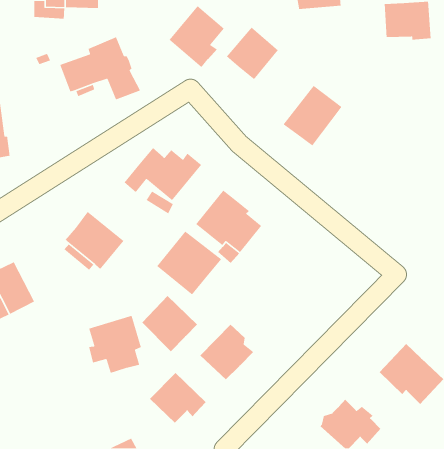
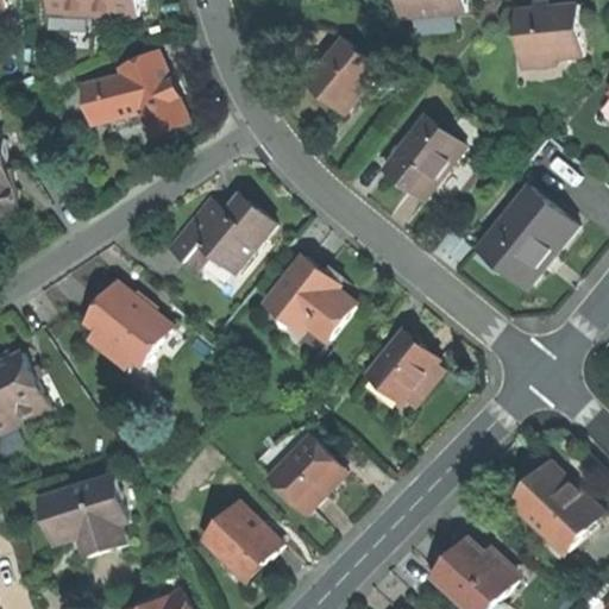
building: [169,5,225,68] -> none
building: none -> [469,184,577,289]
building: [156,231,222,295] -> none
building: none -> [366,329,437,401]
building: [141,295,198,352] -> none
building: [88,315,142,374] -> [50,475,123,554]

